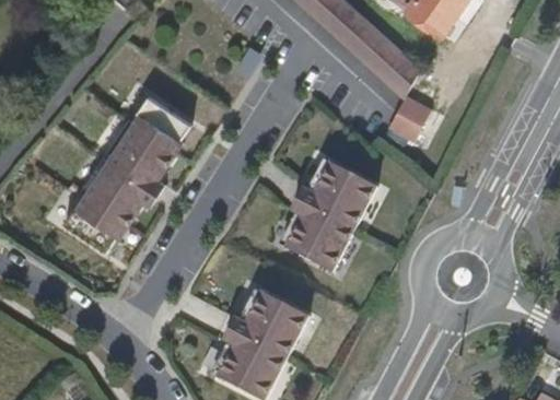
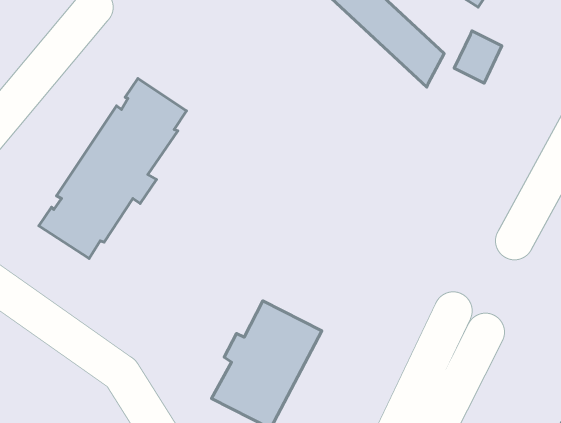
building: [388,97,430,143] -> [454,31,502,83]
building: [282,157,378,270] -> none

